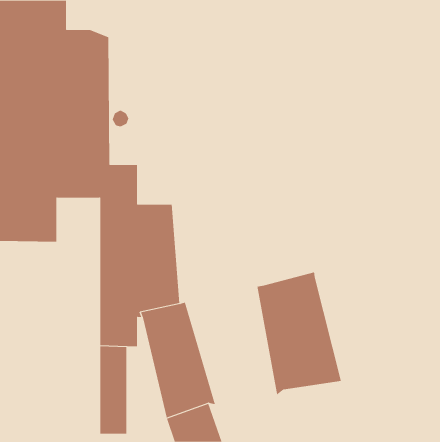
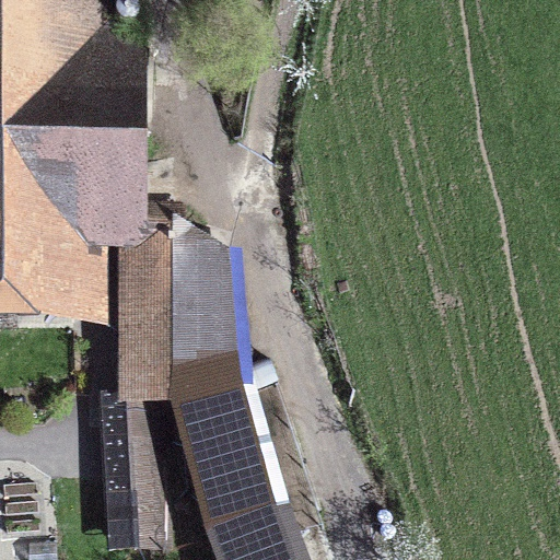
building: [257,271,341,395] -> none

